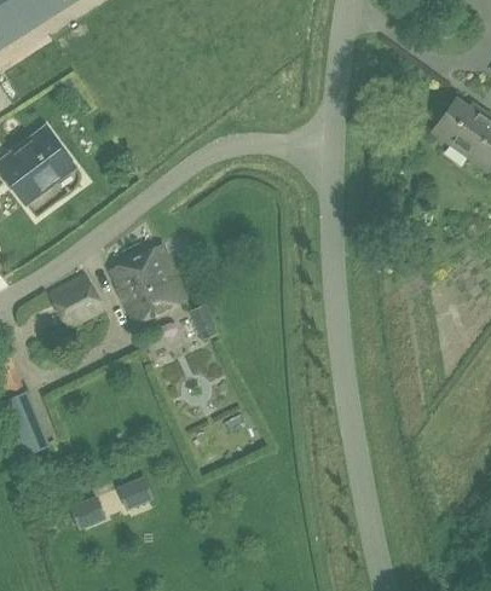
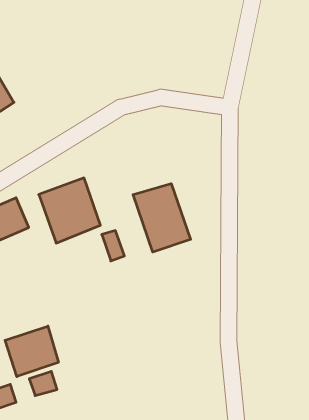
building: none -> [133,184,191,252]
building: none -> [5,326,58,377]

